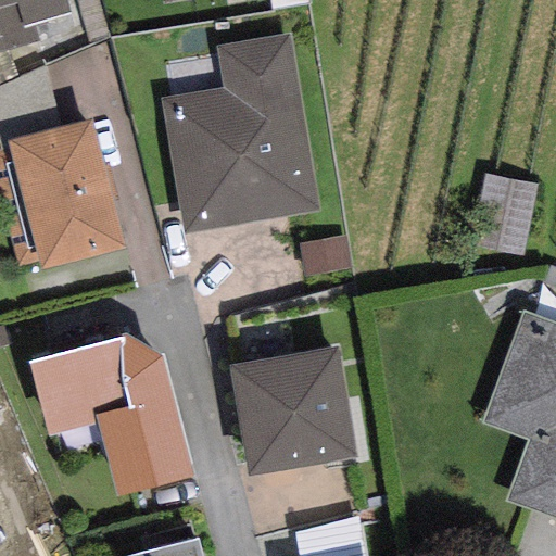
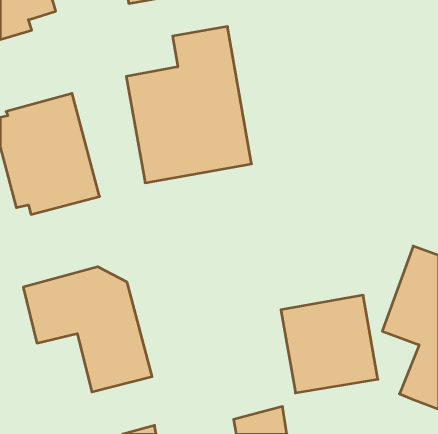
building: [470,173,534,252] -> none
building: [232,350,355,473] -> [281,295,378,393]

